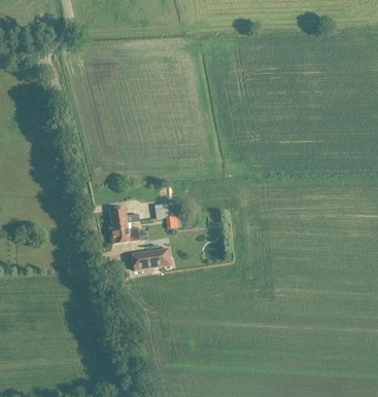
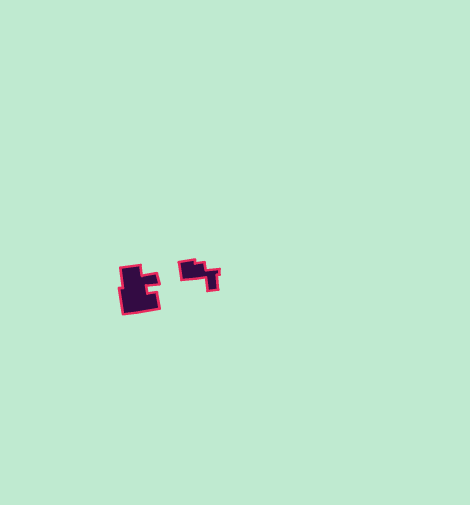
building: [132,248,171,270] -> none

